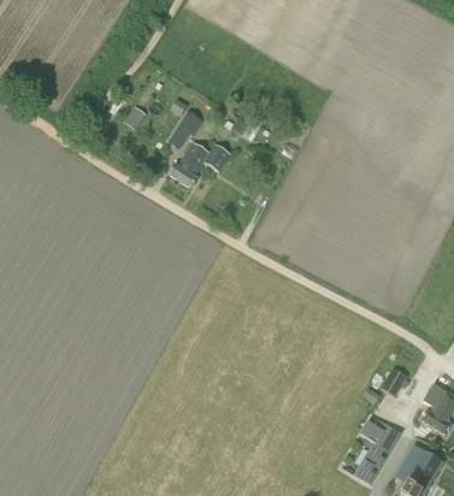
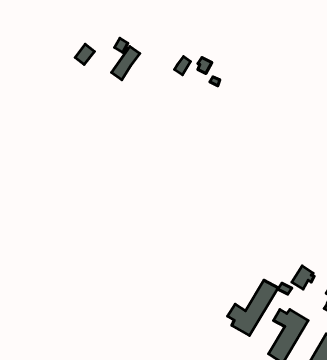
building: [169,142,230,188] -> none
building: none -> [228,280,278,336]

